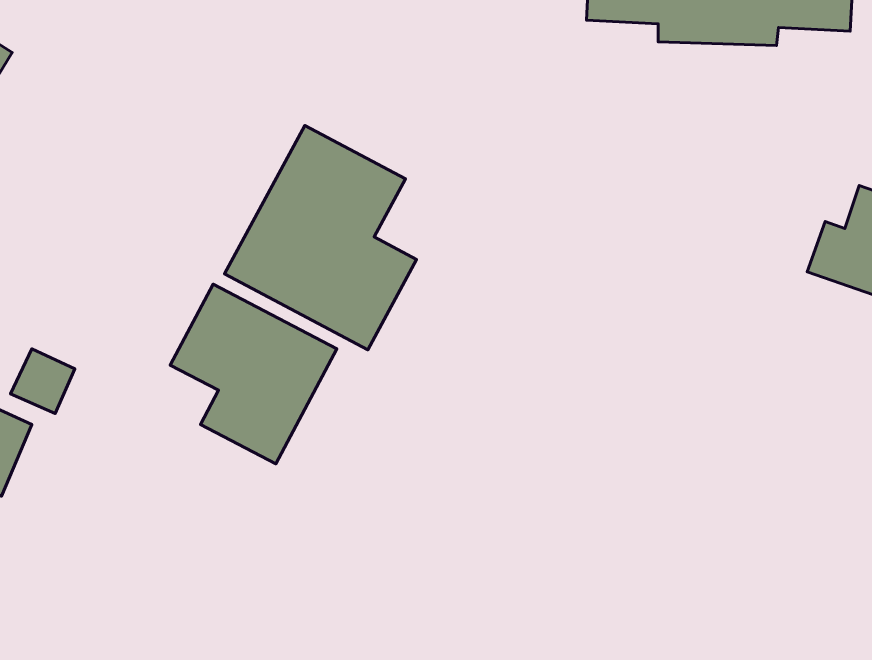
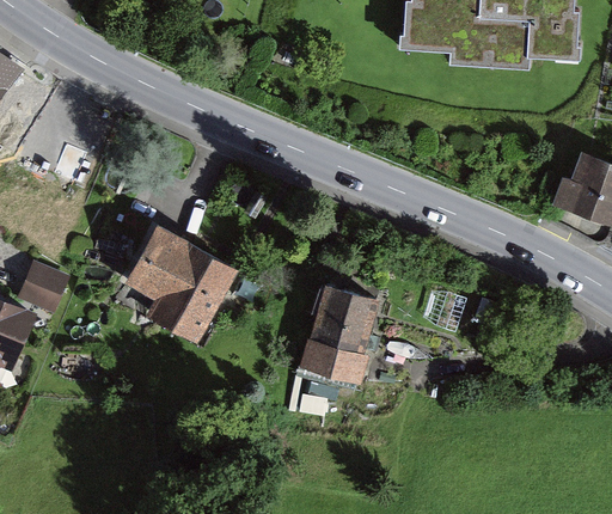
building: [225,125,416,350] -> none
building: none -> [298,281,382,393]

